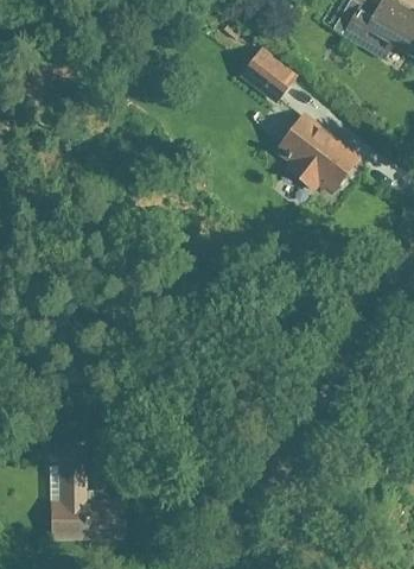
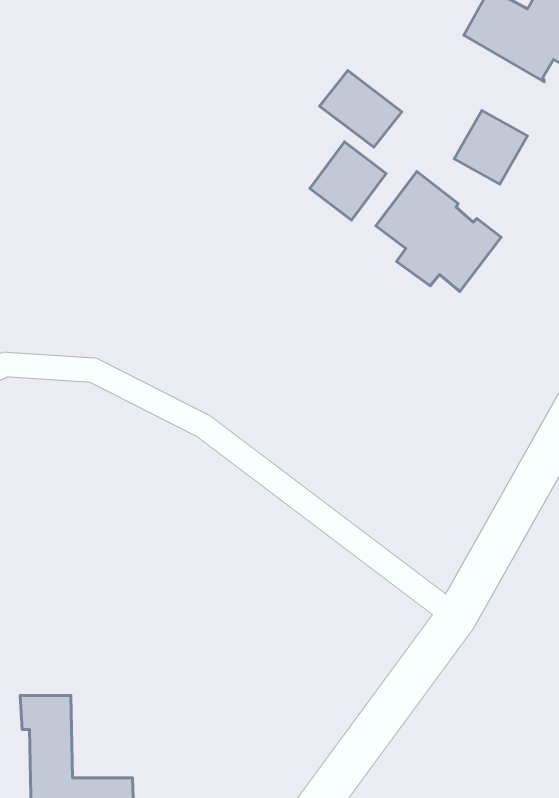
building: none -> [454,111,527,184]
building: none -> [310,142,386,220]

